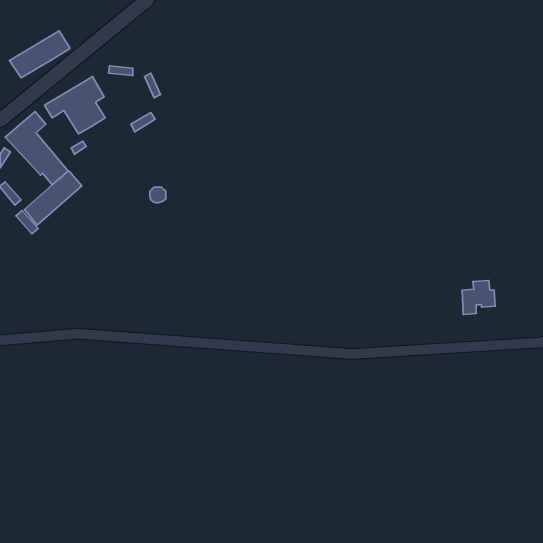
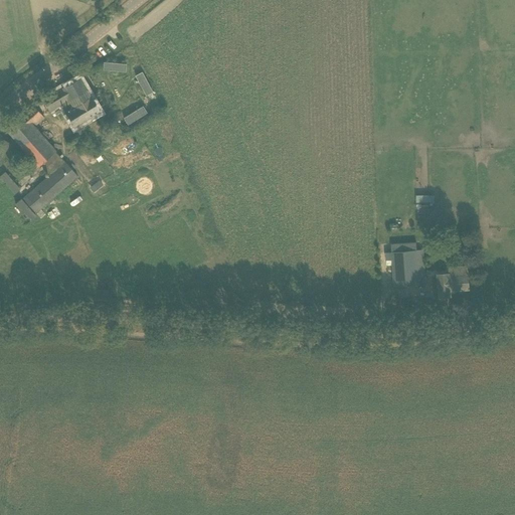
building: [10,31,70,78] -> none
building: none -> [391,249,426,287]

